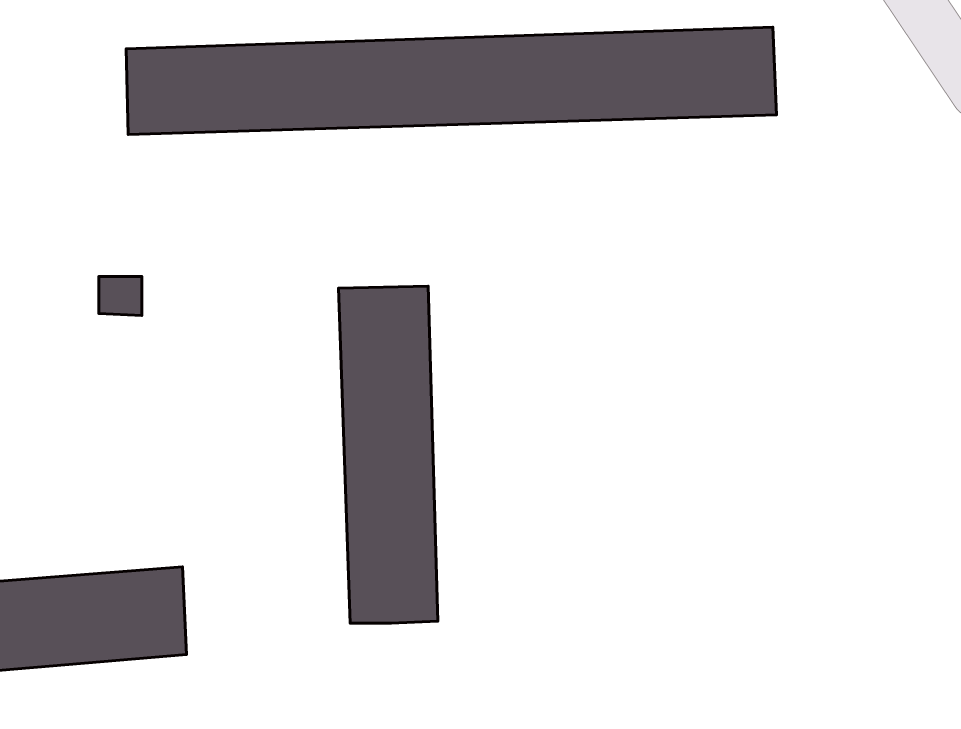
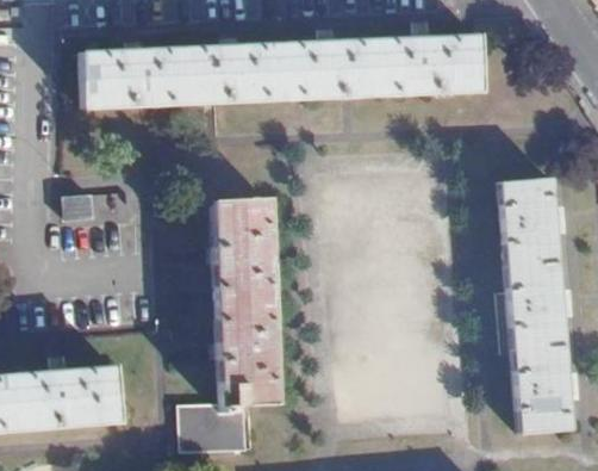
building: none -> [500,175,571,430]
building: none -> [181,403,247,450]

